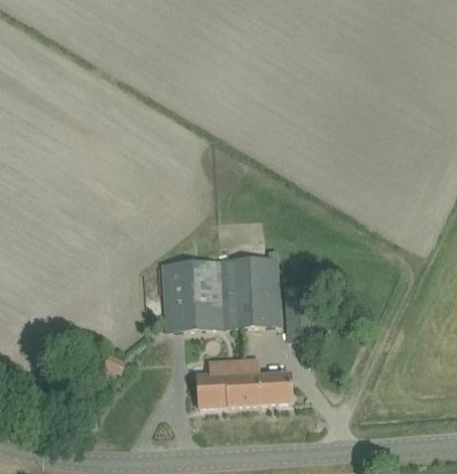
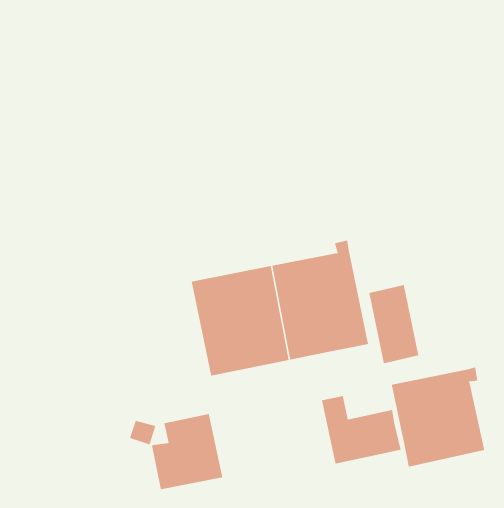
building: none -> [391,367,485,467]
building: [196,359,244,408] -> [151,414,223,490]

